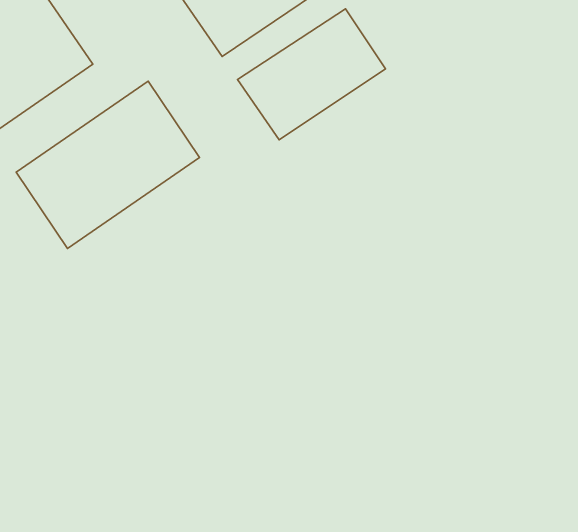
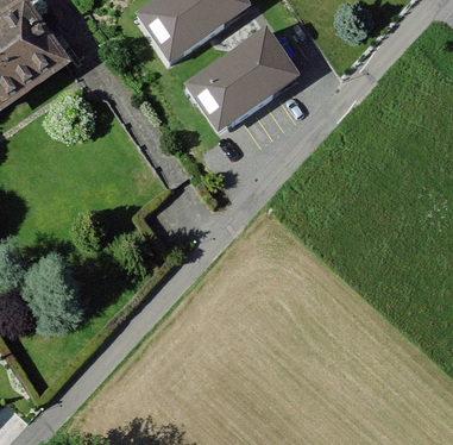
building: [16,81,200,248] -> none

